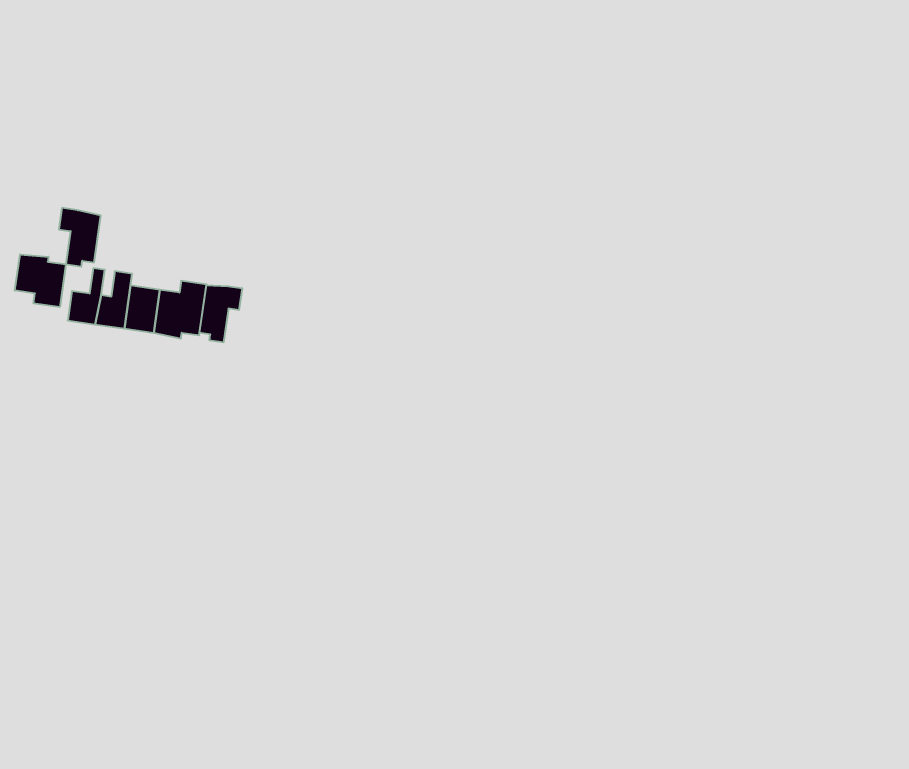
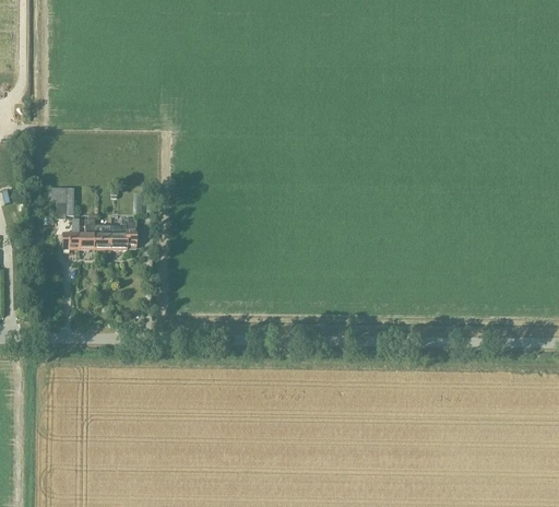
building: [15,254,66,307] -> none
building: [200,285,242,342] -> none

